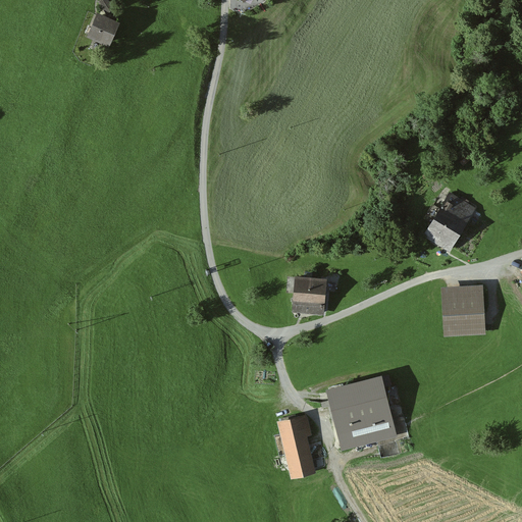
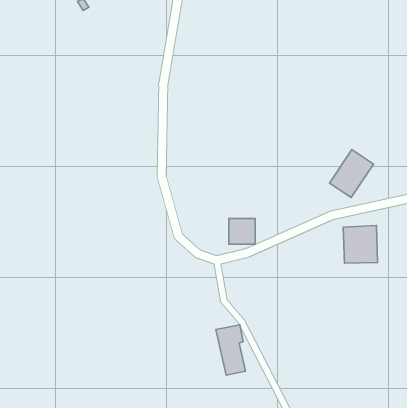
building: [90,15,120,48] -> none
building: [326,376,396,449] -> none

